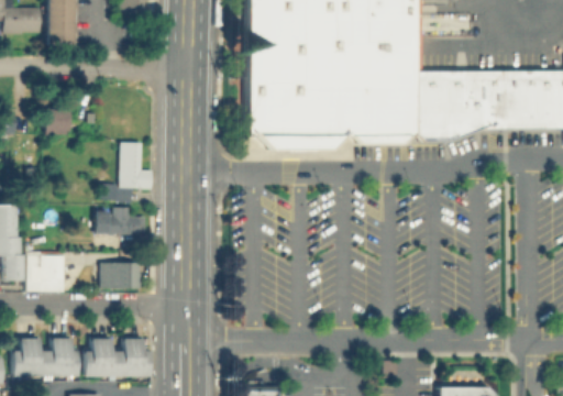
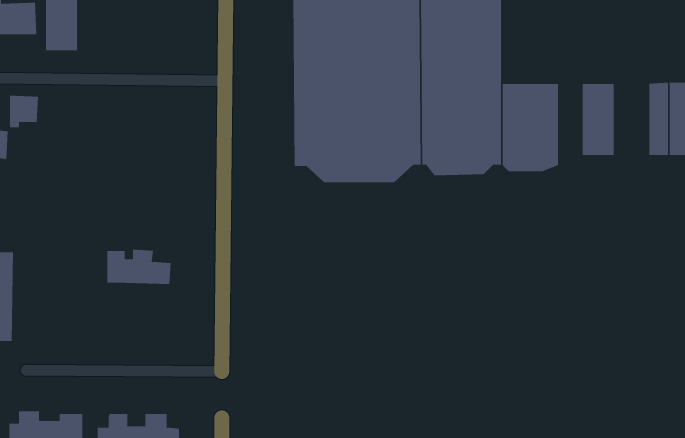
building: [460,70,478,136] -> none
building: [505,70,532,129] -> none
building: [45,107,69,133] -> [9,95,39,128]
building: [102,141,153,200] -> none
building: [23,253,62,289] -> none
building: [97,261,136,287] -> none

